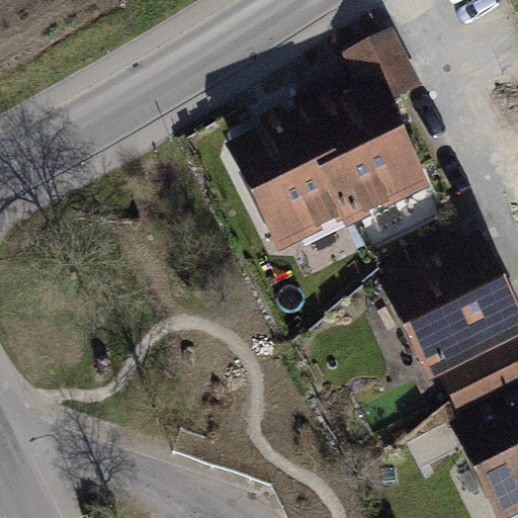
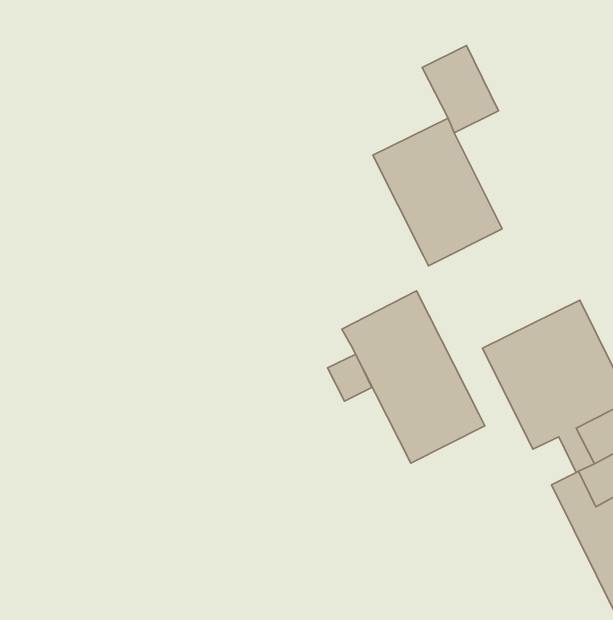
building: [255,126,361,248] -> none
building: none -> [342,291,485,463]

